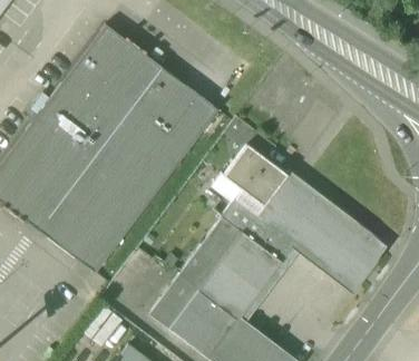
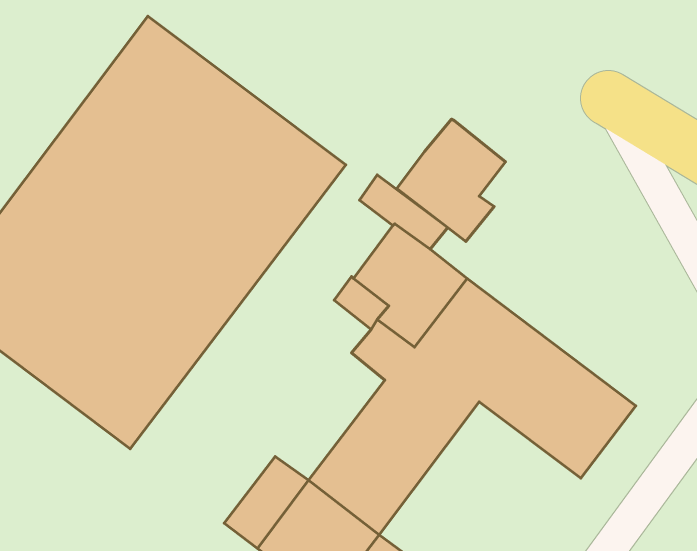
building: none -> [397,119,506,242]
building: [178,216,241,289] -> none

